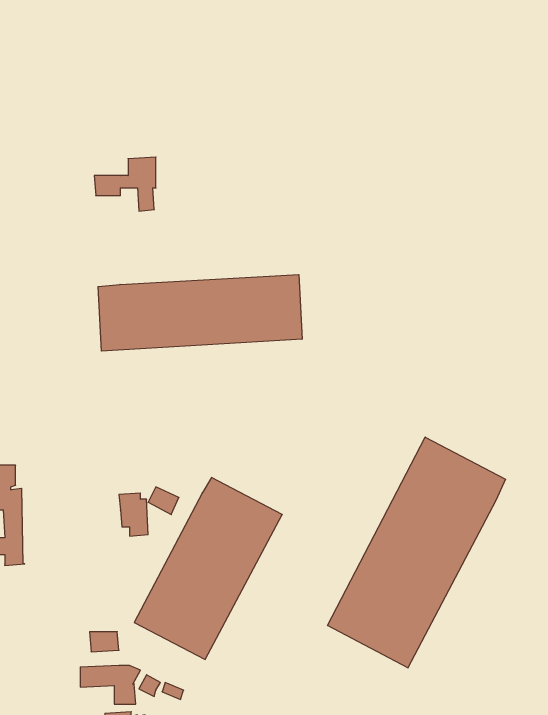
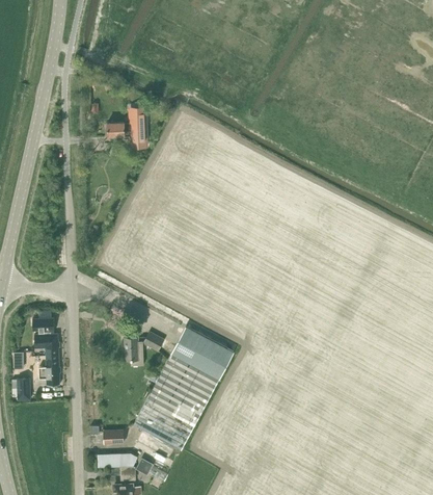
building: [98,275,302,351] -> none
building: [328,437,506,668] -> none

